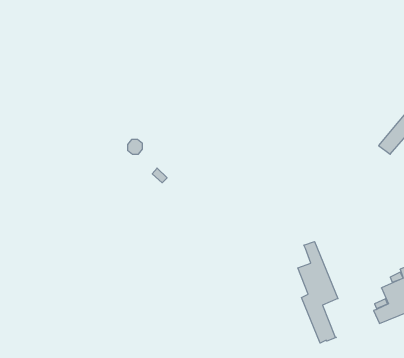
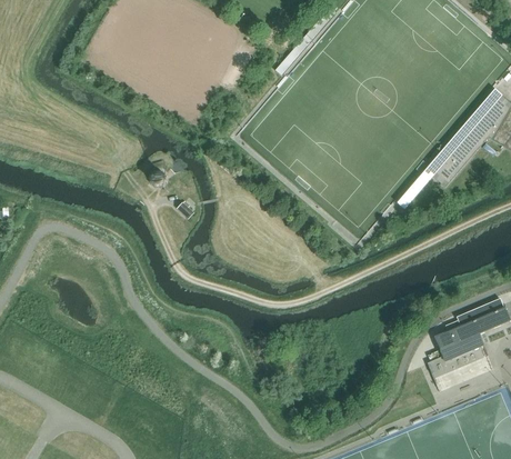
building: [298,242,338,343] -> none

